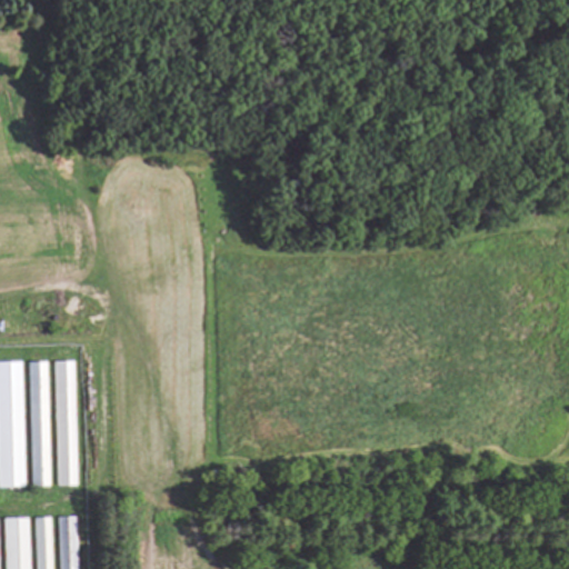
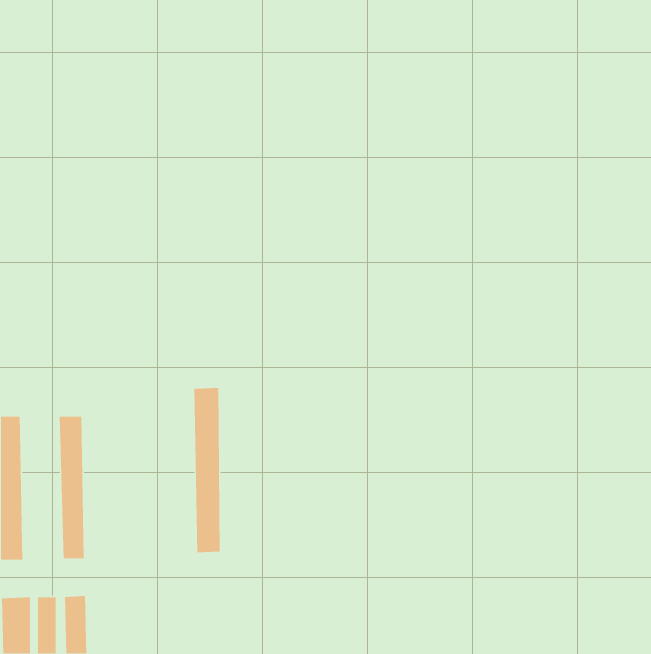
building: none -> [193,387,221,553]
building: [29,361,50,487] -> none

